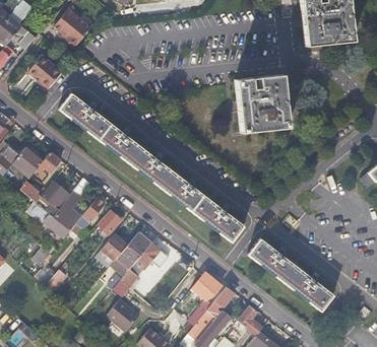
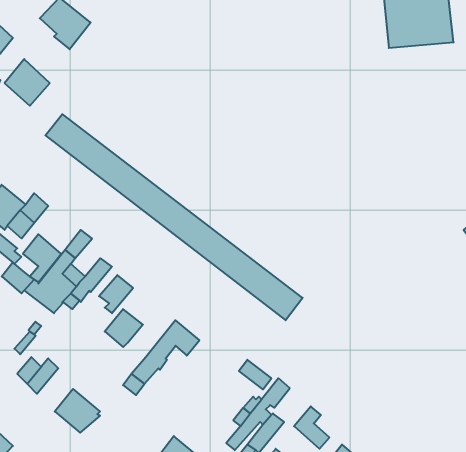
building: [233,74,288,132] -> none
building: [117,231,151,268] -> none
building: [246,236,331,308] -> none
building: [109,299,141,331] -> [55,389,100,433]

